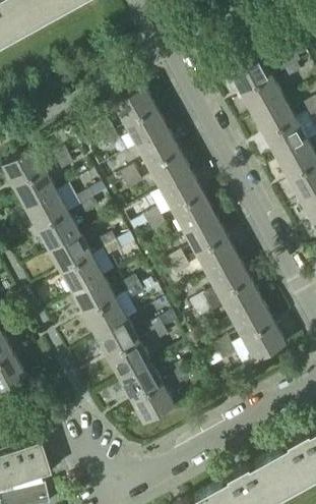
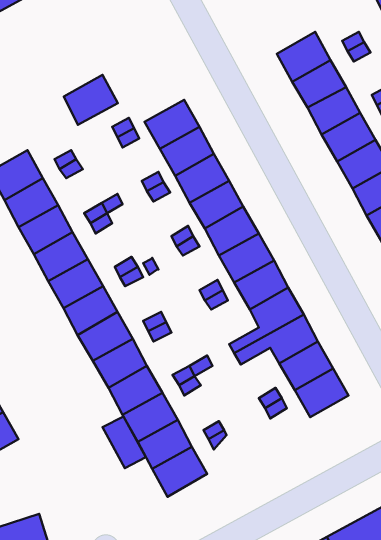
building: [115,89,157,128] -> [64,75,118,125]
building: none -> [103,416,146,468]

